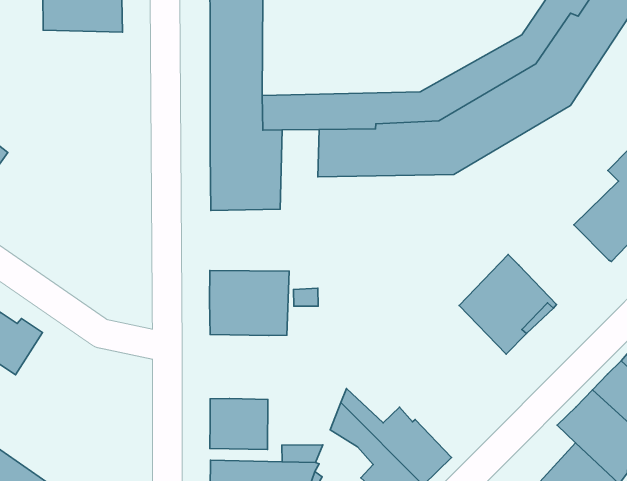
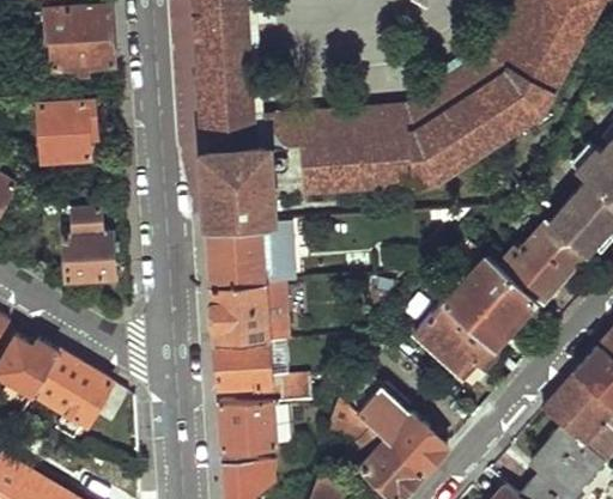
building: none -> [37,103,97,162]
building: none -> [65,211,113,282]
building: none -> [208,224,289,285]
building: none -> [499,221,583,303]
building: none -> [414,302,497,376]
building: none -> [35,352,128,437]
building: none -> [214,342,311,403]

